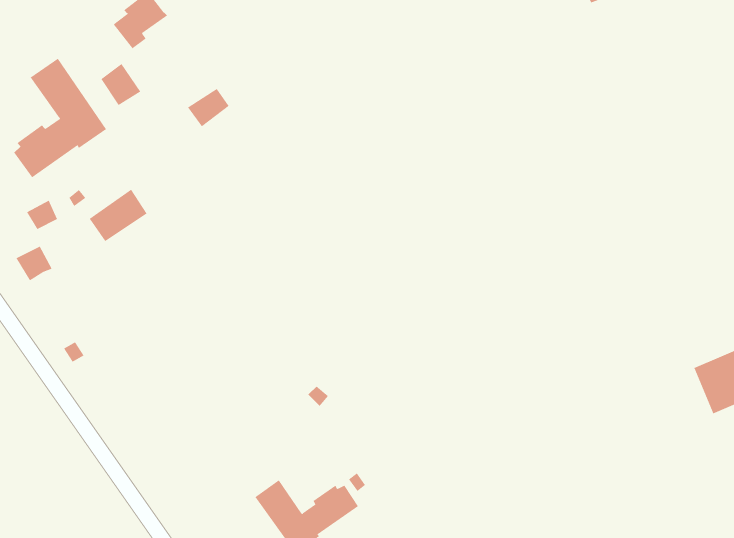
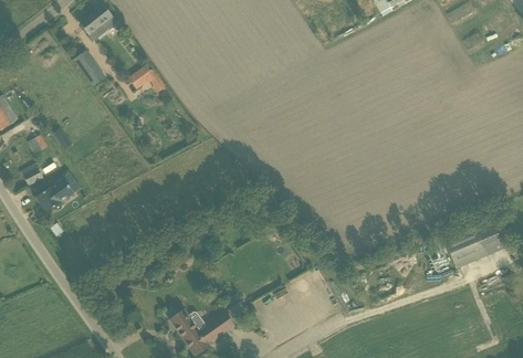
building: [14,58,107,178] -> none
building: [89,189,147,242] -> [38,178,74,211]

